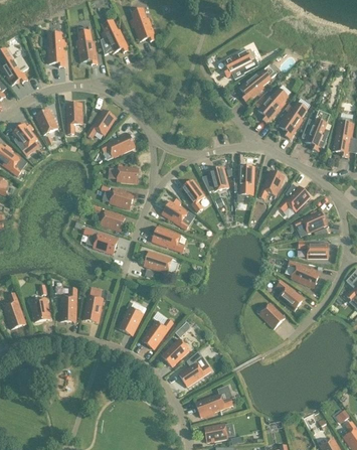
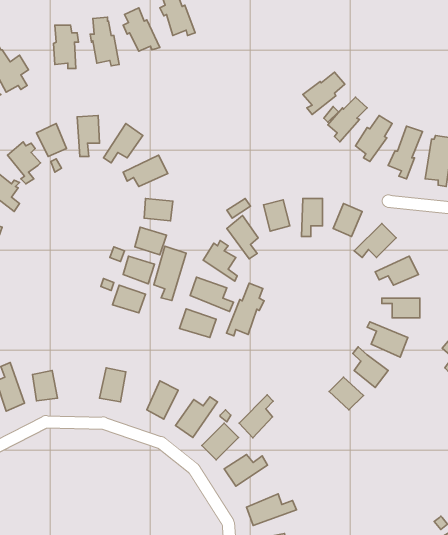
building: [224,49,255,77] -> none
building: none -> [154,246,186,301]
building: none -> [226,283,264,336]
building: [61,289,77,321] -> none
building: none -> [239,395,273,438]

